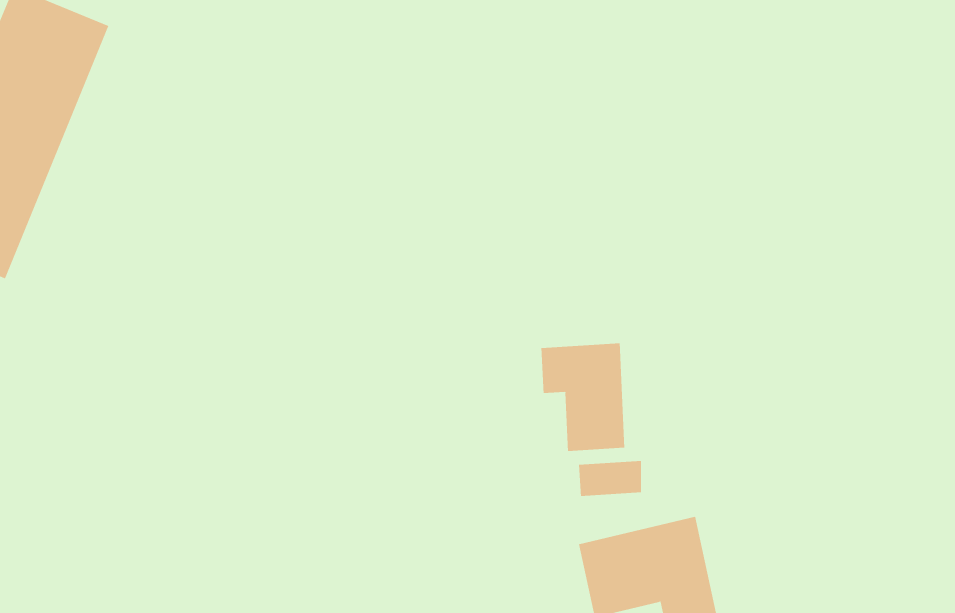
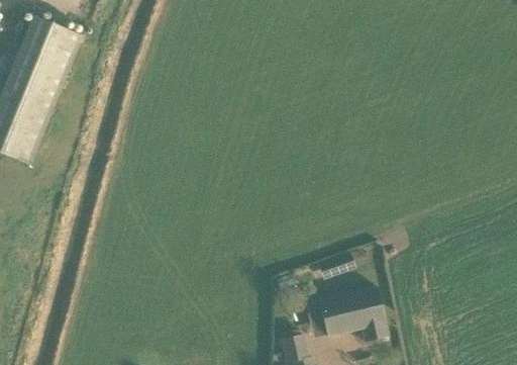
building: [541,342,625,452] -> none

